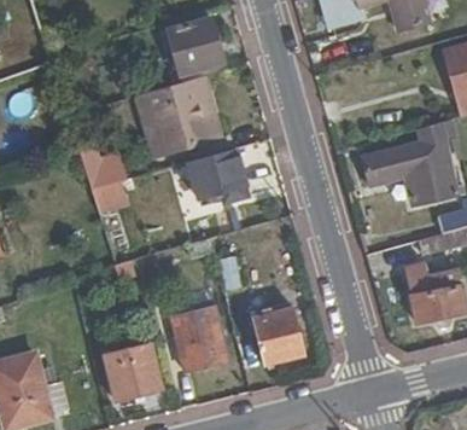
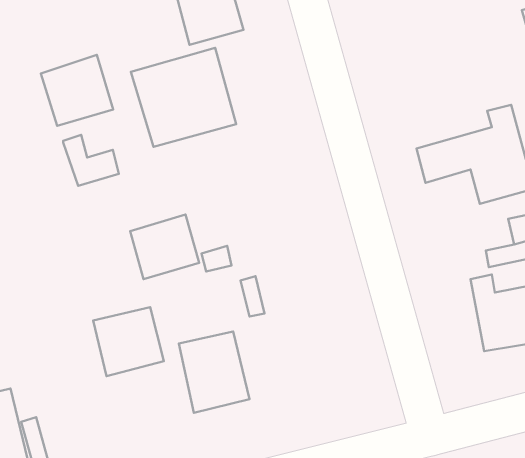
building: none -> [41,55,113,126]
building: [189,147,245,199] -> [130,215,199,279]
building: [251,308,305,365] -> none
building: [105,345,162,401] -> [93,307,164,376]

